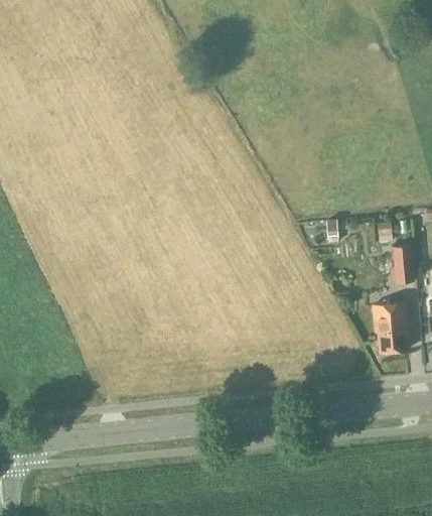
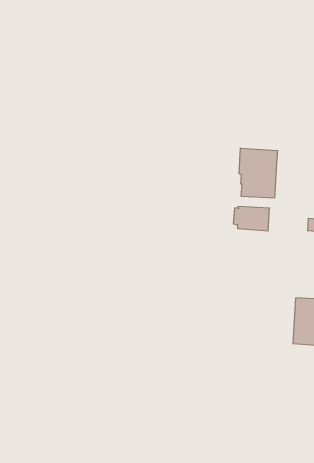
building: none -> [239,148,277,198]

